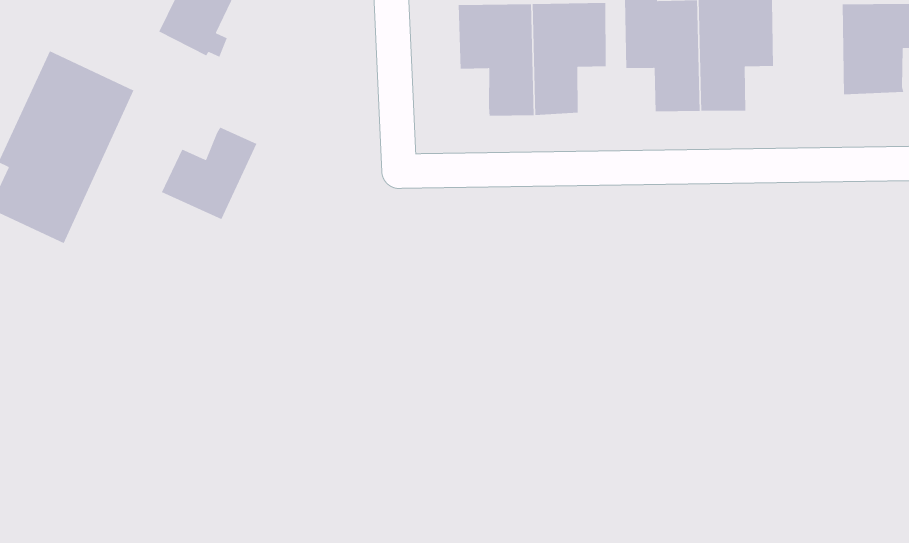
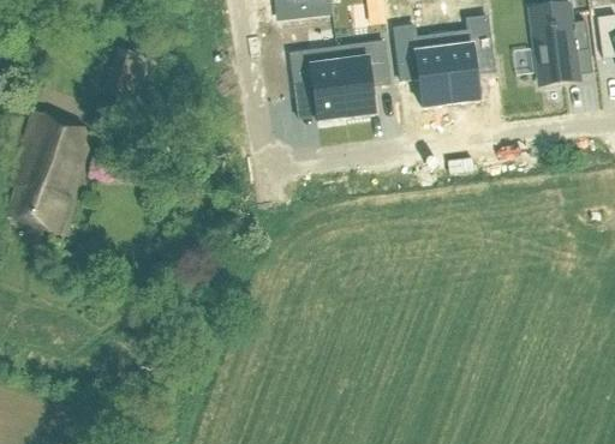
building: [161,127,257,220] -> none

